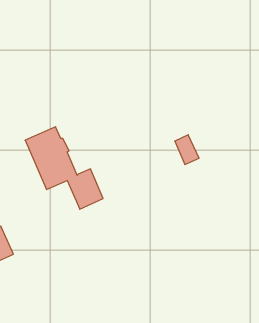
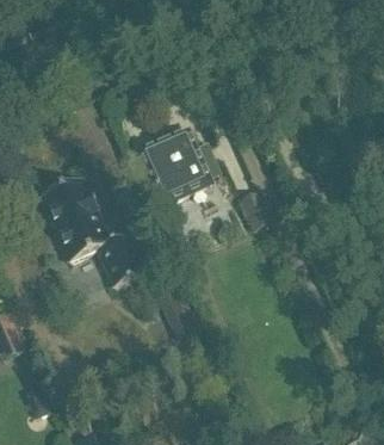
building: none -> [142,129,216,202]

